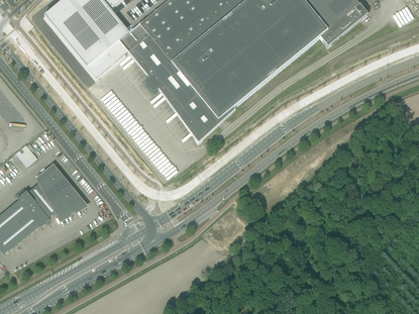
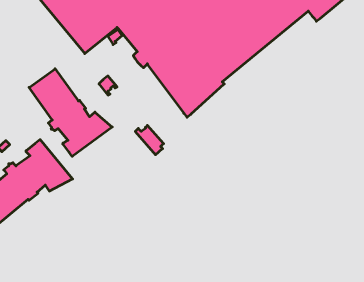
building: none -> [29,69,112,156]

